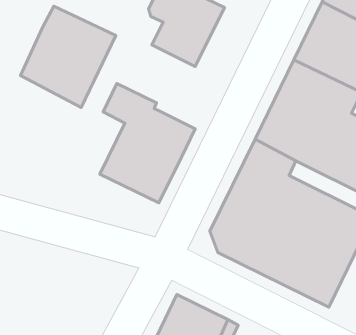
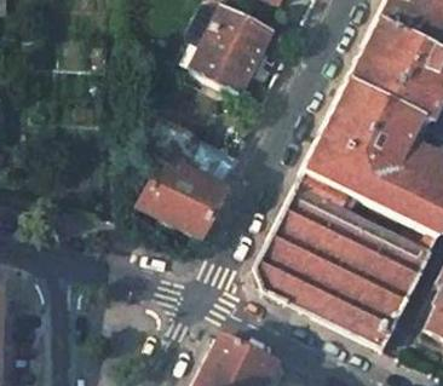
building: [20,6,116,108] -> none

